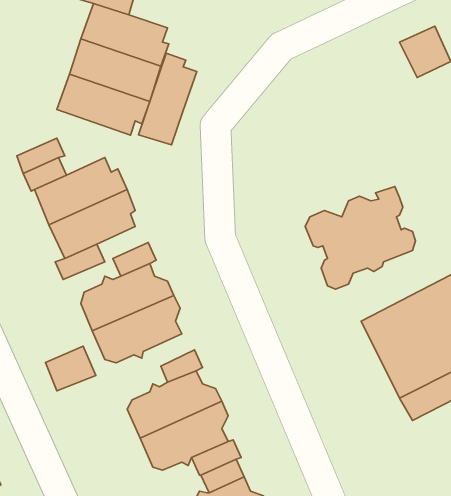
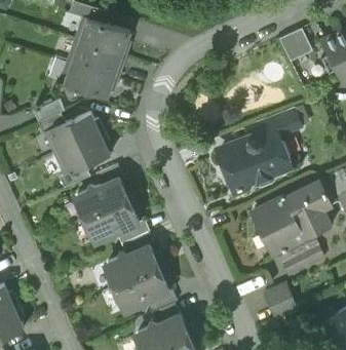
building: [138,53,197,145] -> none
building: none -> [260,108,301,137]
building: [45,346,96,391] -> none
building: none -> [263,286,297,321]

